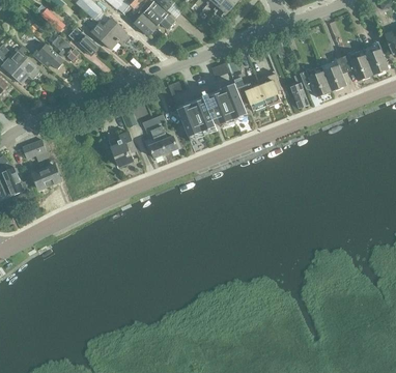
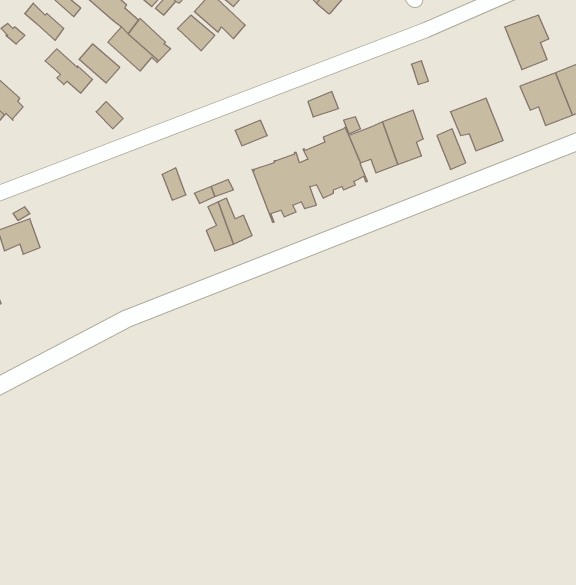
building: [31,42,63,68] -> none
building: [320,58,347,91] -> [505,15,549,70]
building: [108,133,134,168] -> none
building: [32,163,61,190] -> none

